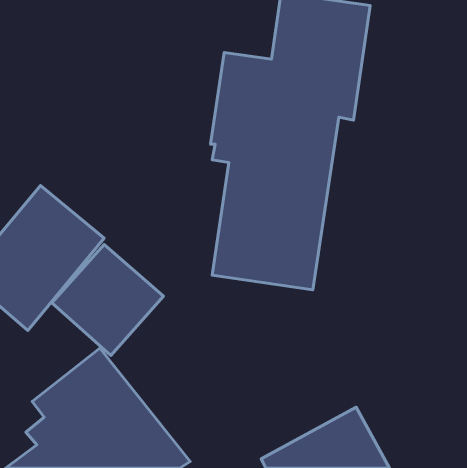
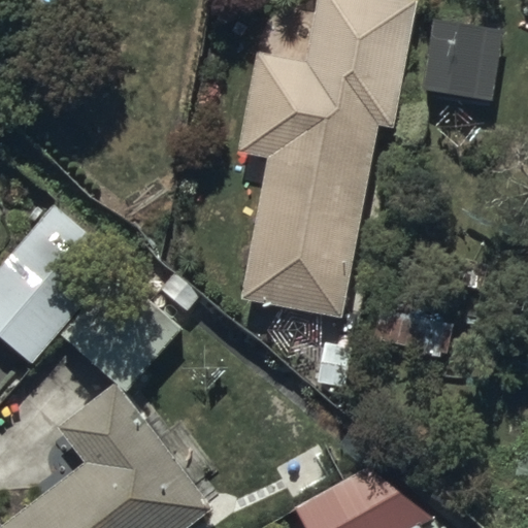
building: none -> [418,18,503,107]

